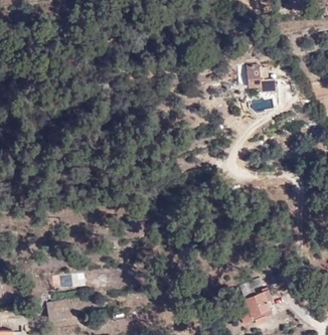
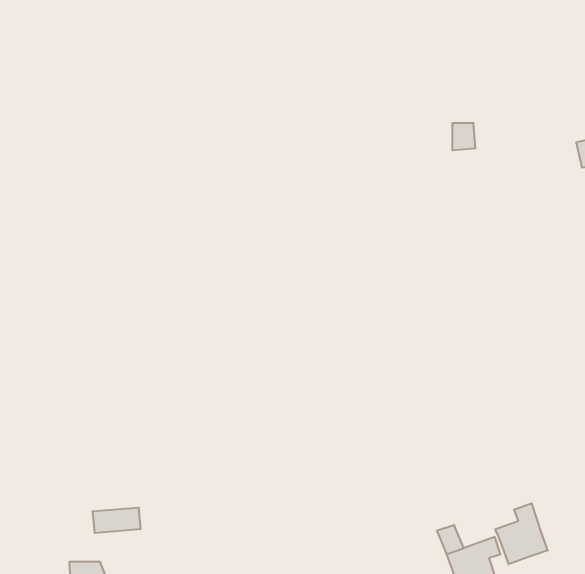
building: none -> [495,503,548,564]

